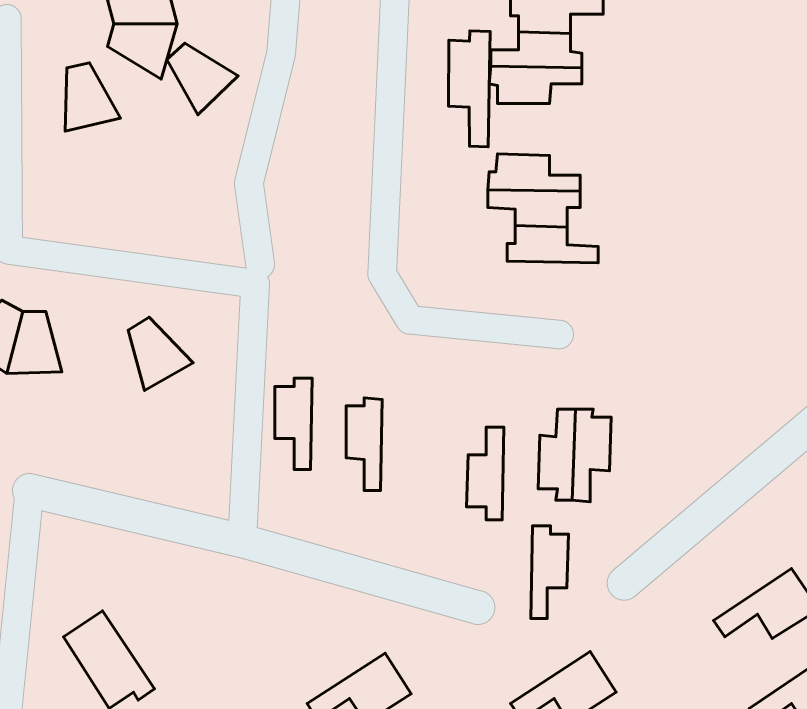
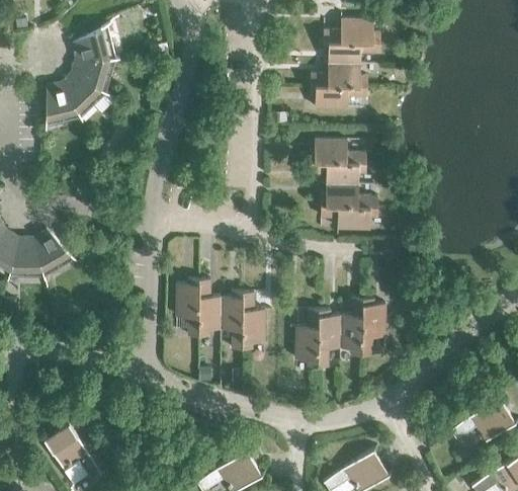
building: [449,31,490,147] -> none
building: [167,43,238,115] -> [61,73,105,117]
building: none -> [320,207,377,230]
building: [128,317,193,390] -> [33,230,74,275]
building: none -> [198,279,221,337]
building: none -> [242,293,265,349]
building: [531,526,568,619] -> [318,310,341,367]

